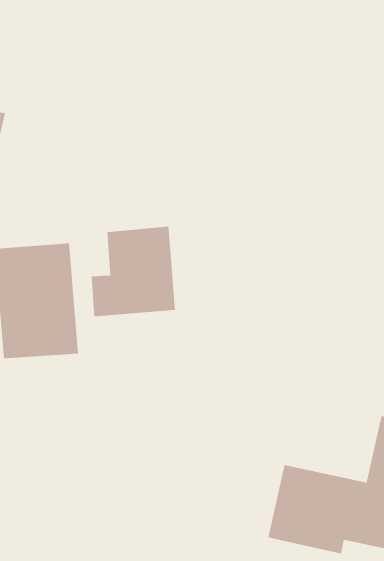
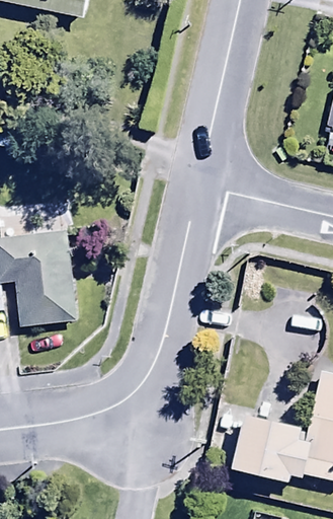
building: [91,226,176,317] -> none

